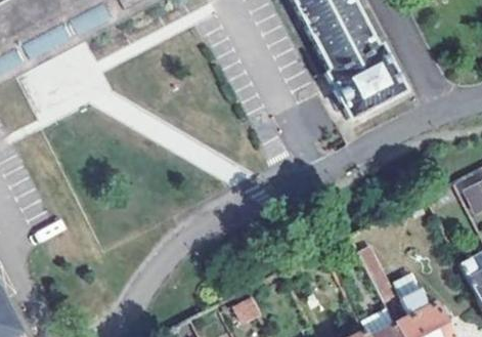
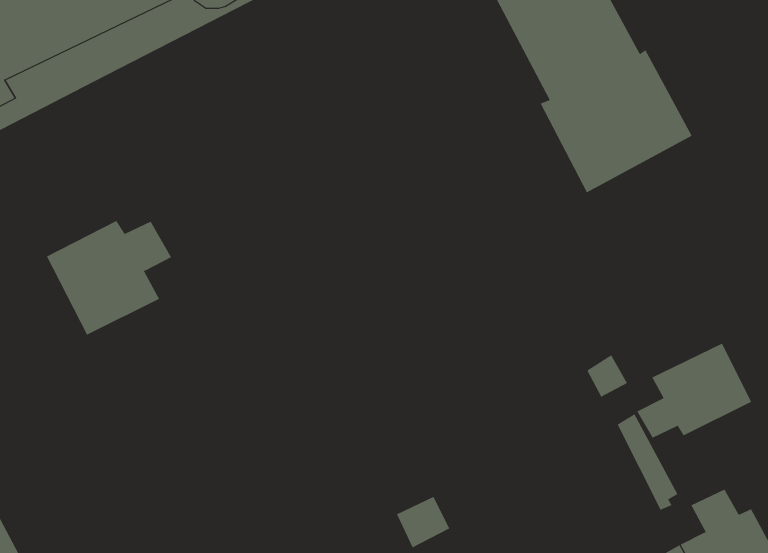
building: none -> [46,220,172,336]
building: none -> [637,343,752,438]

